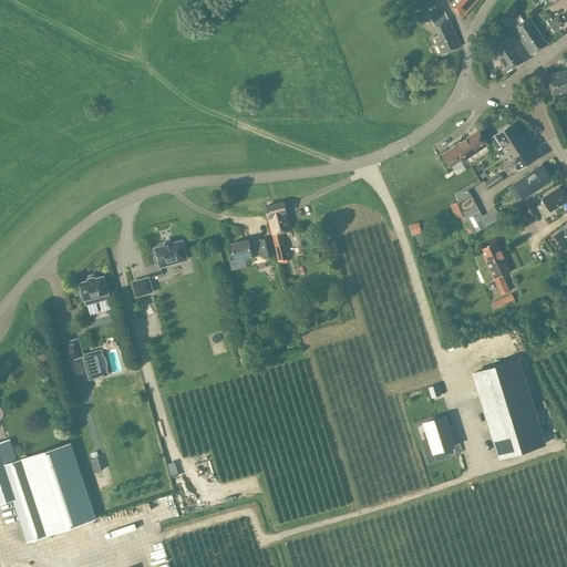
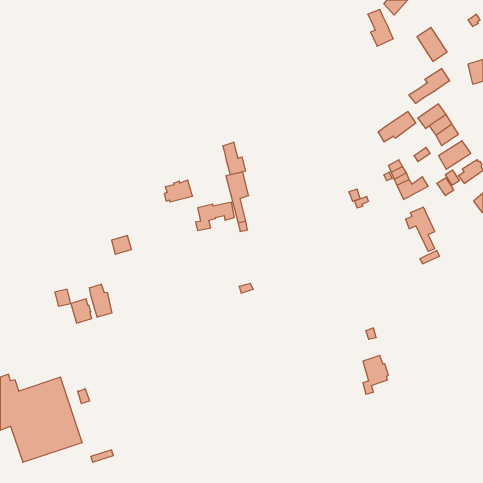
building: [513,17,547,54] -> none
building: none -> [409,68,450,103]
building: none -> [223,142,246,175]
building: [154,240,187,266] -> [164,180,193,202]
building: [79,277,110,305] -> none
building: none -> [89,284,112,317]
building: [473,359,546,457] -> none

